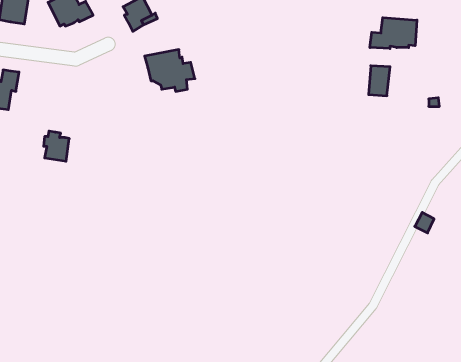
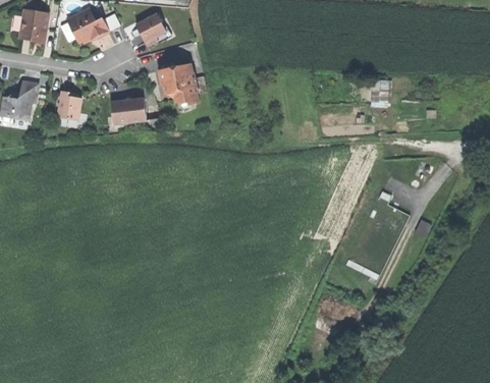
building: [370,18,417,49] -> none
building: none -> [110,97,145,122]
building: [44,131,69,161] -> [58,92,83,120]

